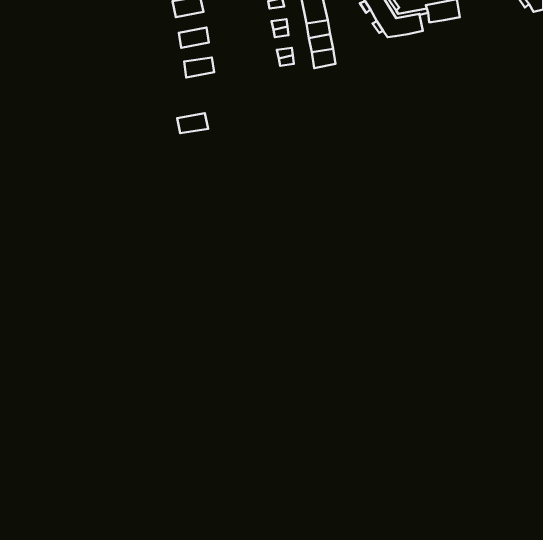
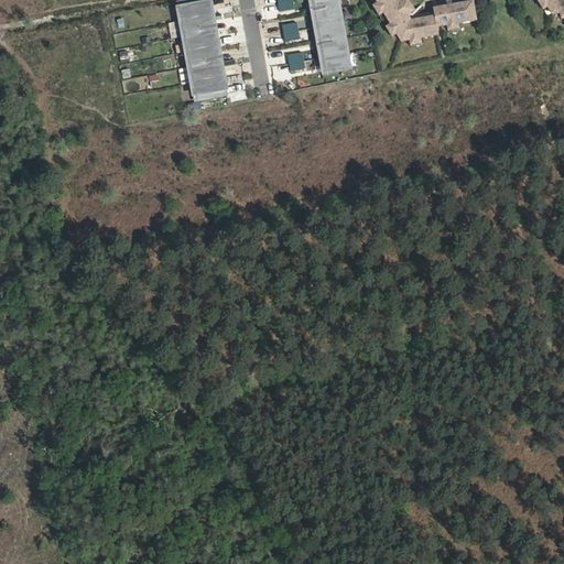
building: none -> [182,12,214,34]
building: none -> [187,44,219,64]
building: [177,113,208,133] -> [193,75,225,96]

